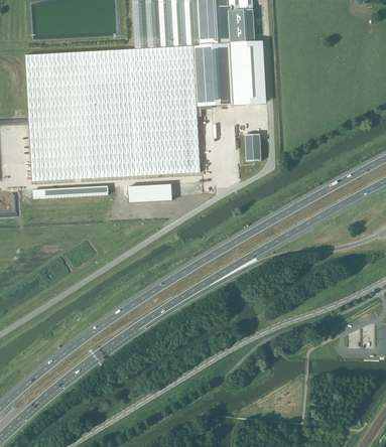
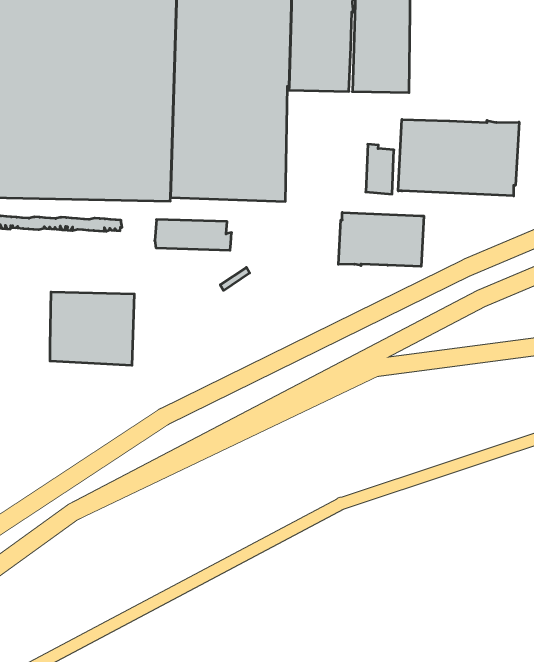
building: none -> [398,119,519,196]
building: none -> [338,212,424,266]
building: none -> [50,292,134,365]

